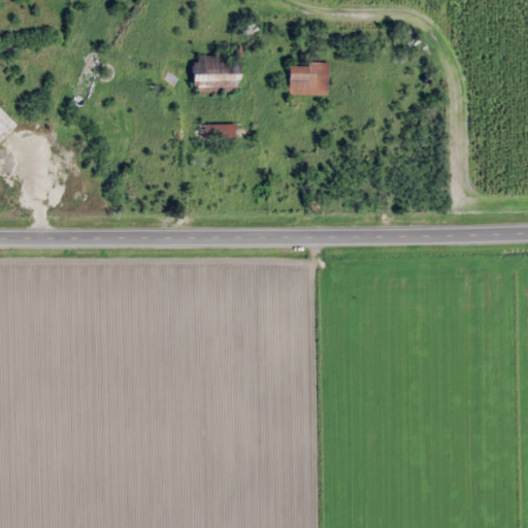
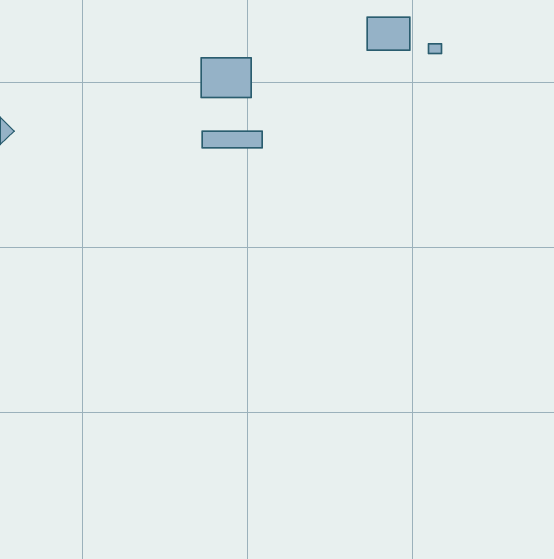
building: [290,63,330,94] -> [367,17,410,50]

